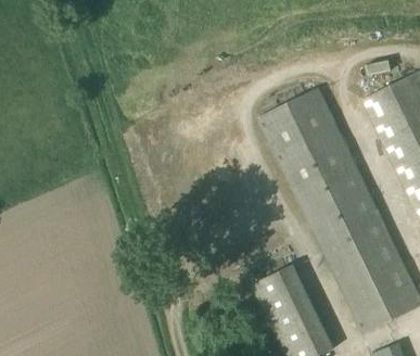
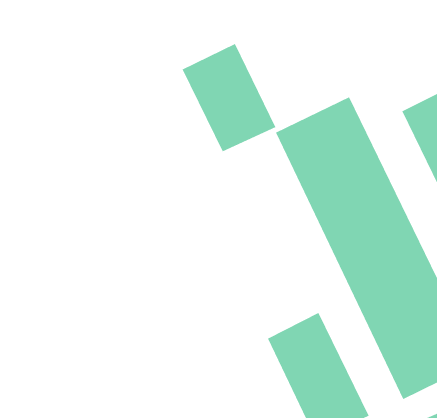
building: none -> [182,43,276,152]

